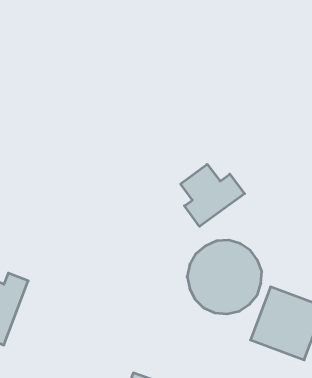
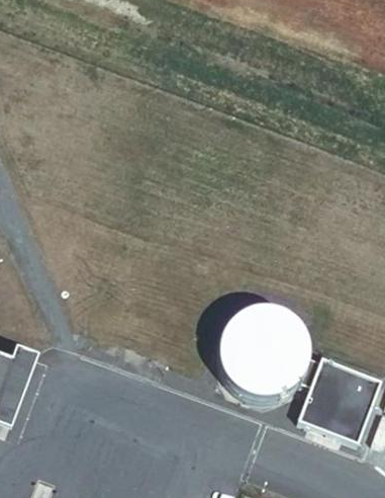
building: [181,164,245,226] -> none

